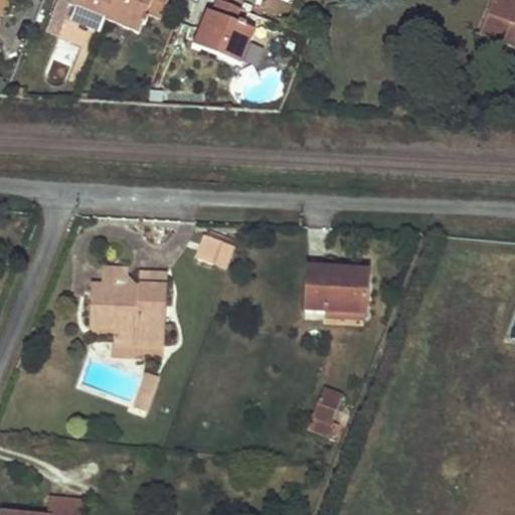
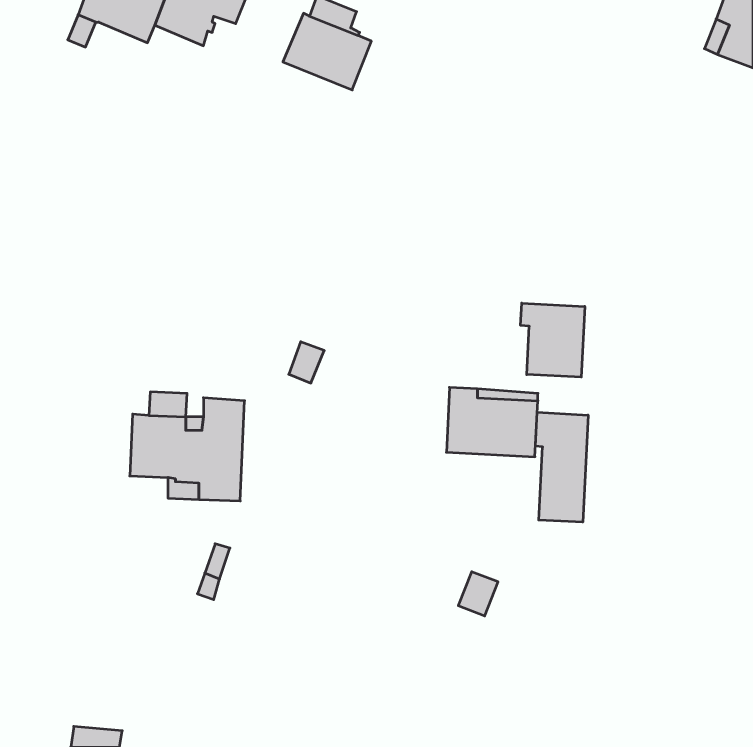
building: none -> [521,303,585,377]
building: none -> [536,412,588,522]

